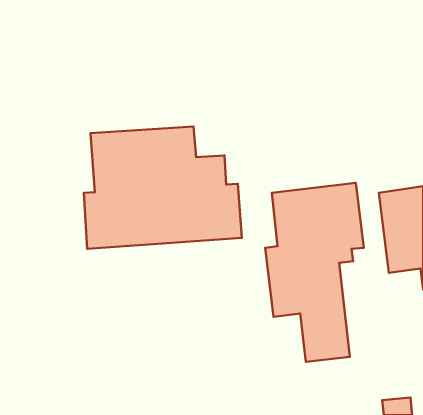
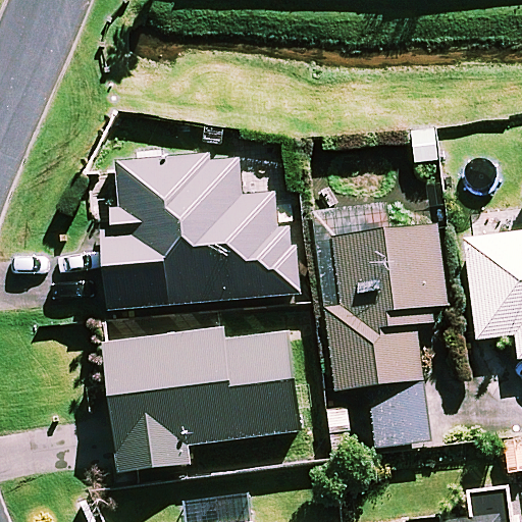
building: none -> [103,328,300,471]

